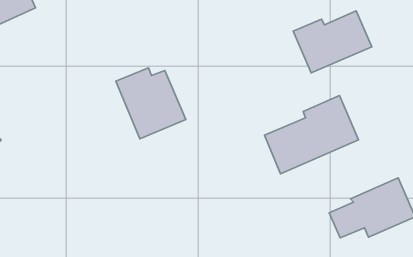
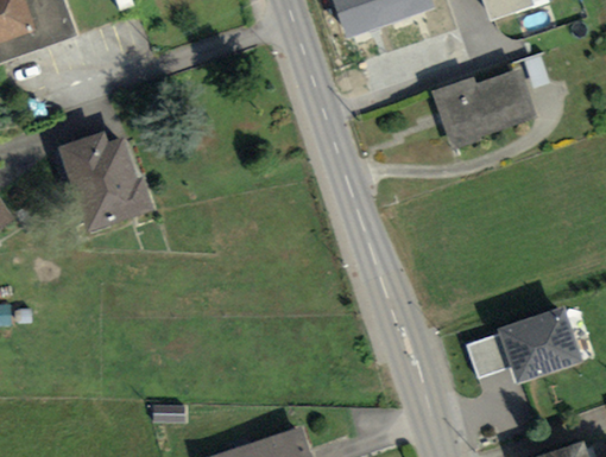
building: [116,68,186,139] -> [56,129,150,227]
building: [265,96,359,174] -> none

